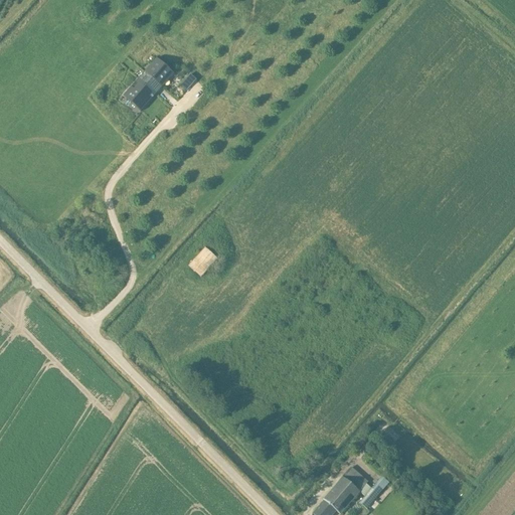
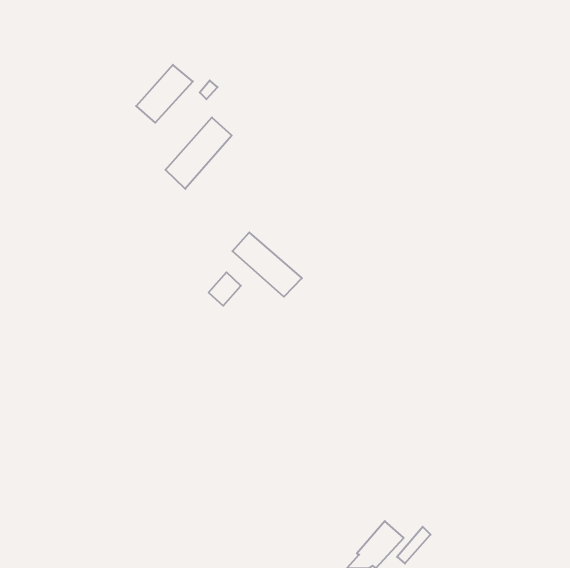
building: none -> [165,117,232,189]
building: none -> [232,232,302,297]

